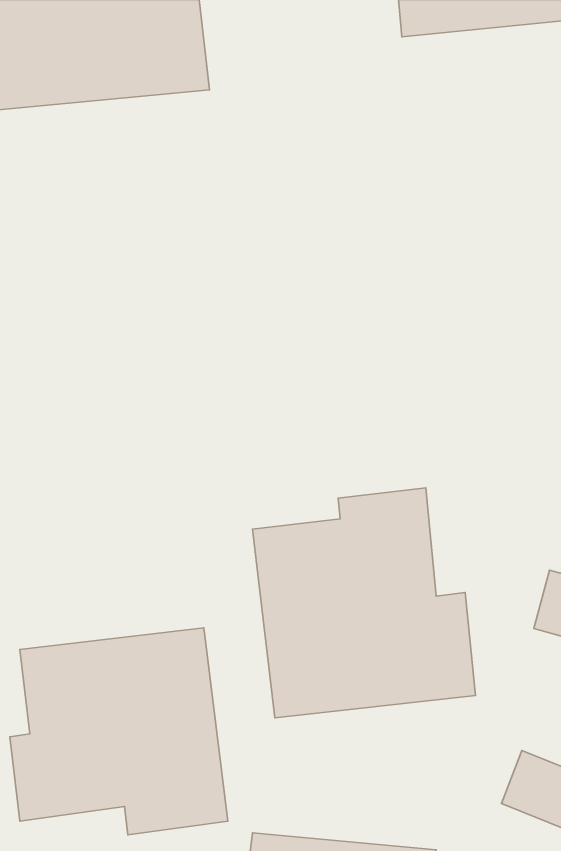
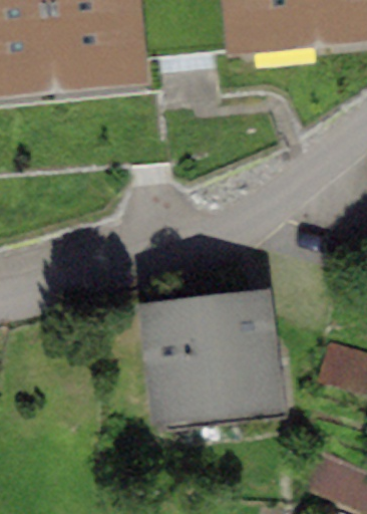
building: [10,628,228,835] -> none

